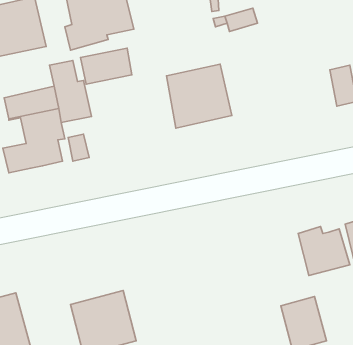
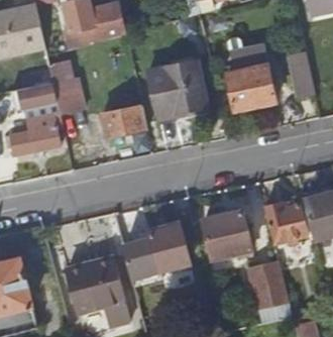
building: none -> [226,44,276,110]
building: [80,48,132,84] -> [102,105,146,136]
building: none -> [203,213,250,258]
building: none -> [124,226,193,287]

